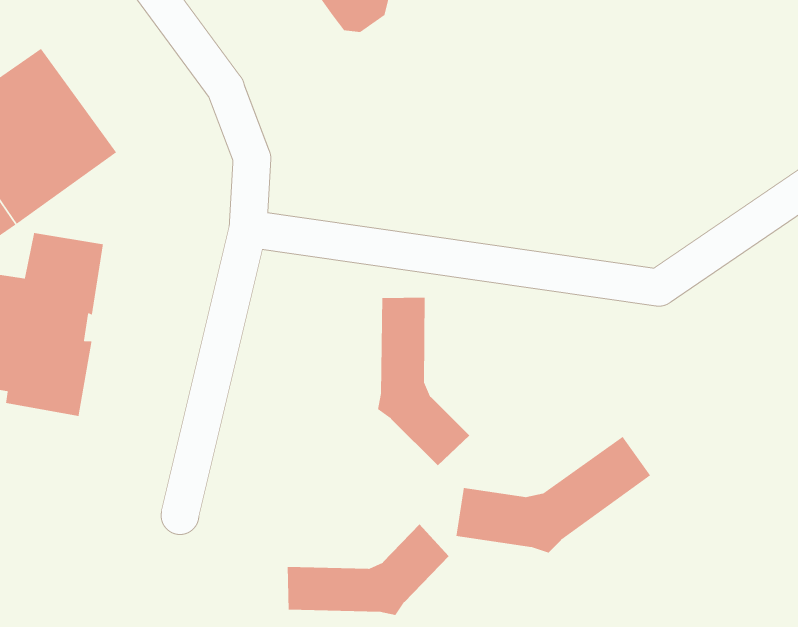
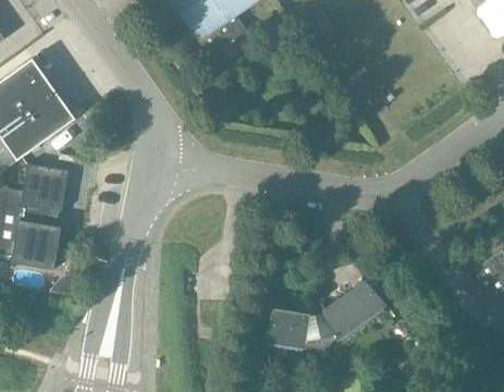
building: [377,297,470,466] -> none
building: [287,524,450,616] -> none

